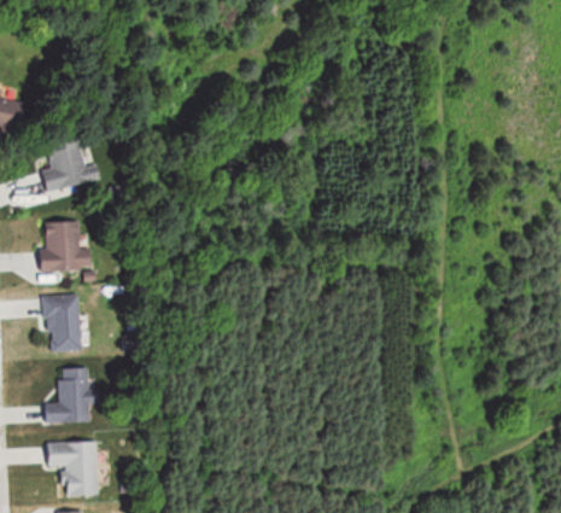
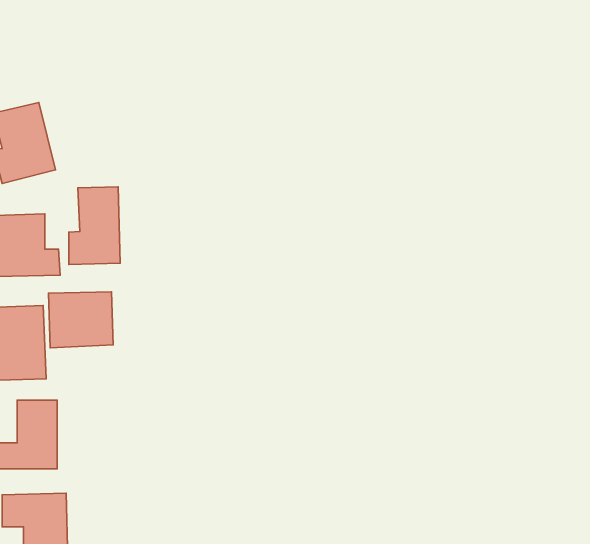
building: none -> [69,187,120,265]
building: none -> [48,292,113,348]

